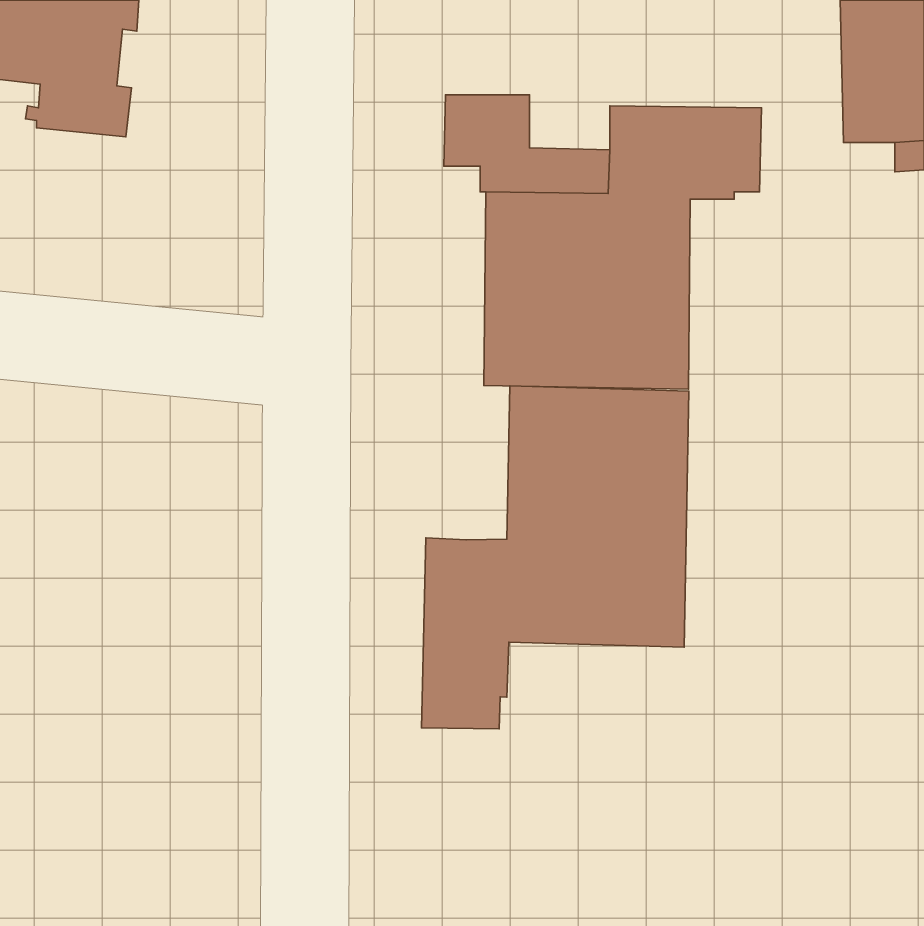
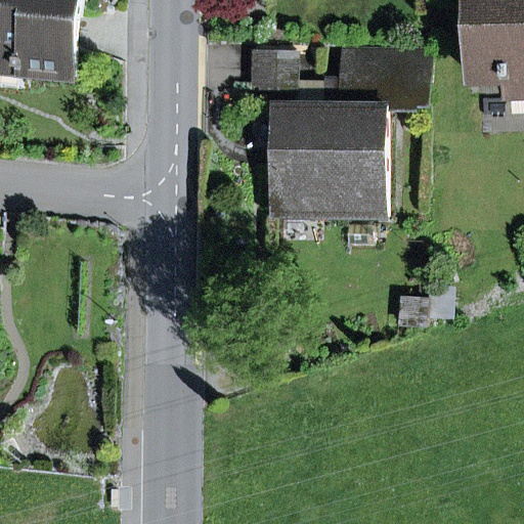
building: [422,386,689,729] -> none

